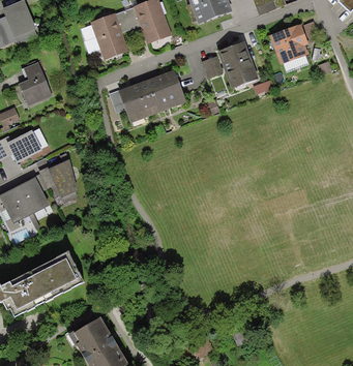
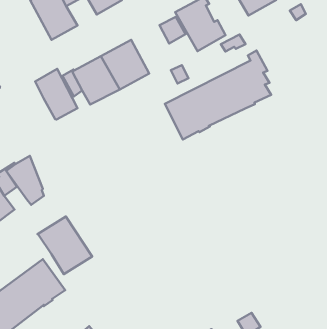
building: none -> [35,69,78,119]
building: none -> [165,51,271,139]
building: none -> [38,217,92,274]

